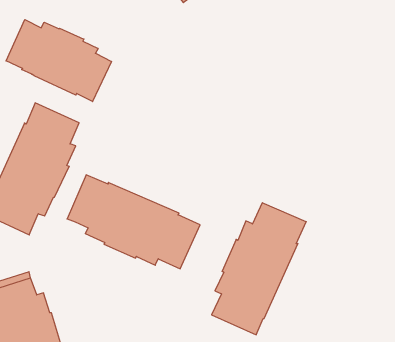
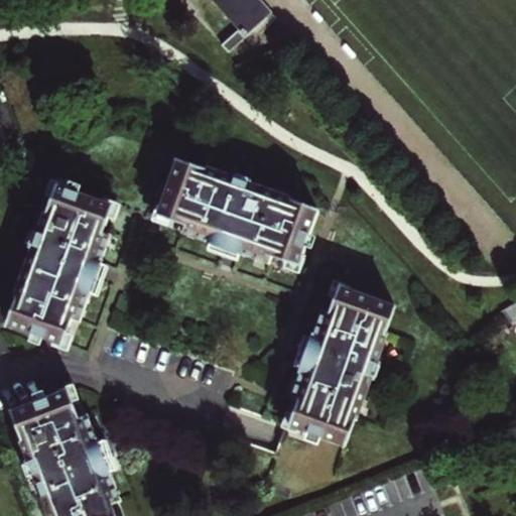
building: [6,20,111,102] -> none
building: [67,175,200,269] -> [158,158,318,263]

